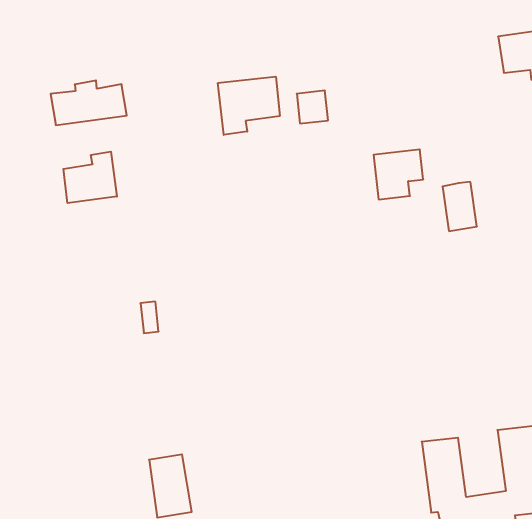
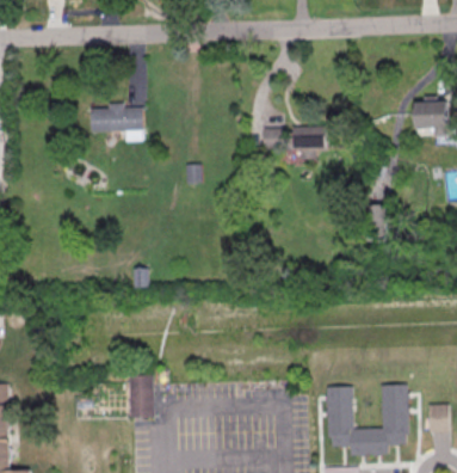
building: [218,77,280,135] -> none
building: [374,150,423,199] -> [294,127,327,159]
building: [63,152,117,203] -> none

